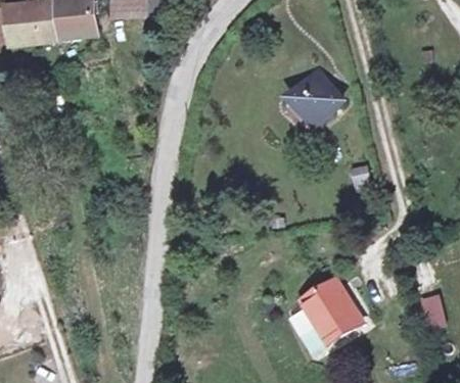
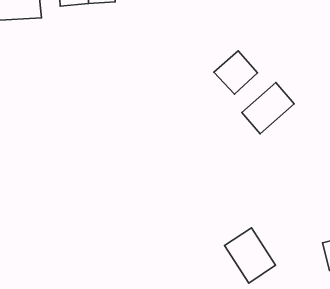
building: none -> [242,82,294,134]

